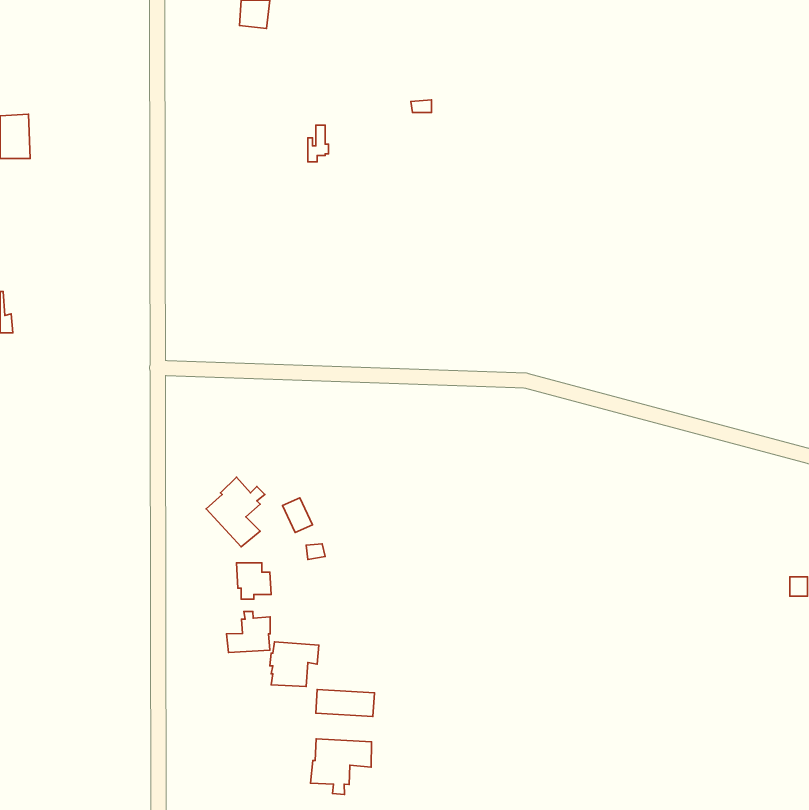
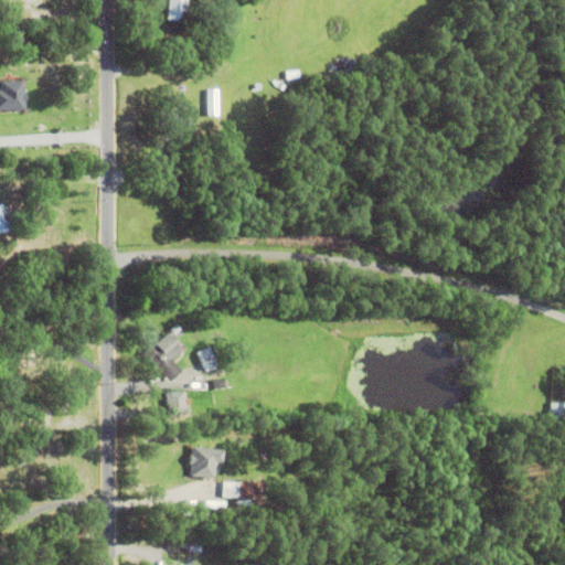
building: [226,611,270,653] -> none
building: [311,739,371,795] -> none

